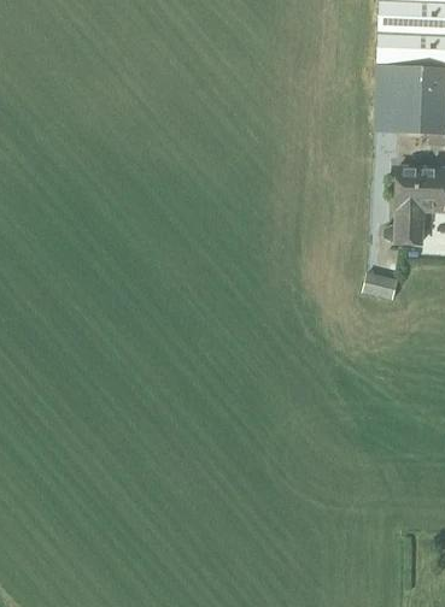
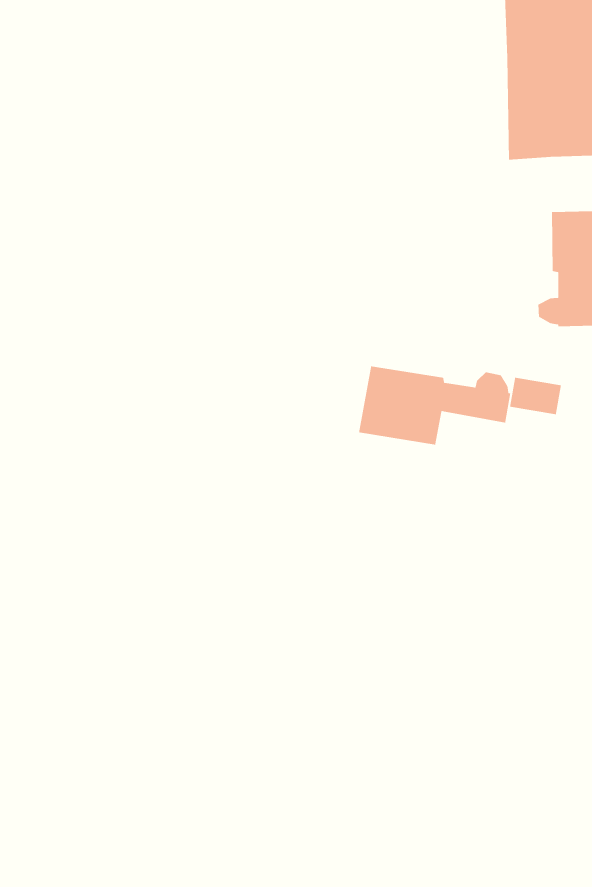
building: none -> [358,365,511,446]

